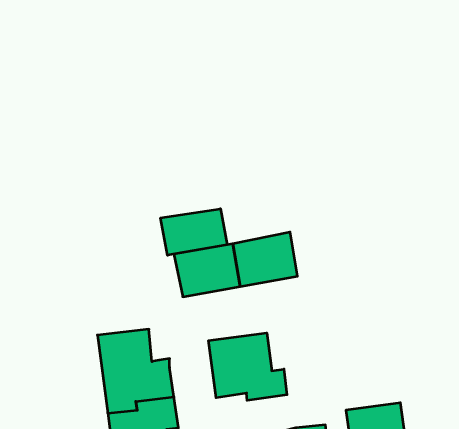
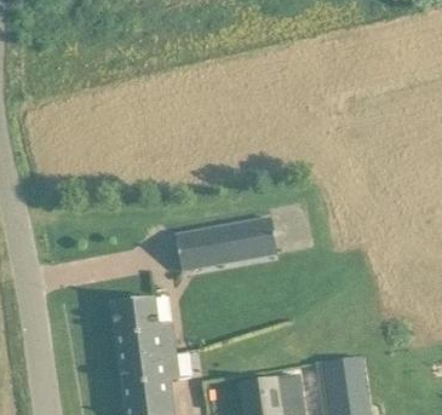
building: [161,209,227,255] -> none
building: [209,333,287,400] -> none

